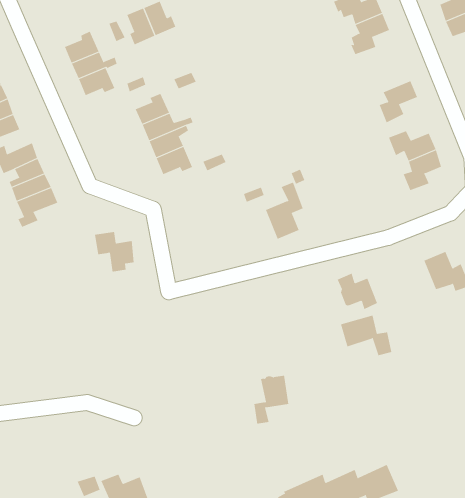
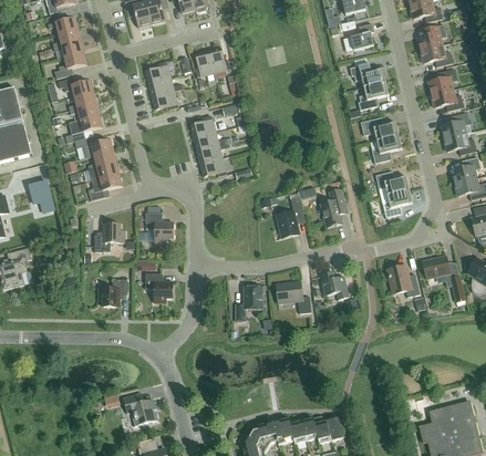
building: none -> [360,116,397,139]
building: none -> [319,188,345,227]
building: none -> [94,224,123,251]
building: none -> [144,272,172,302]
building: [340,315,392,356] -> [275,281,310,312]
building: none -> [97,278,127,305]
building: [253,375,289,424] -> [235,284,261,319]

